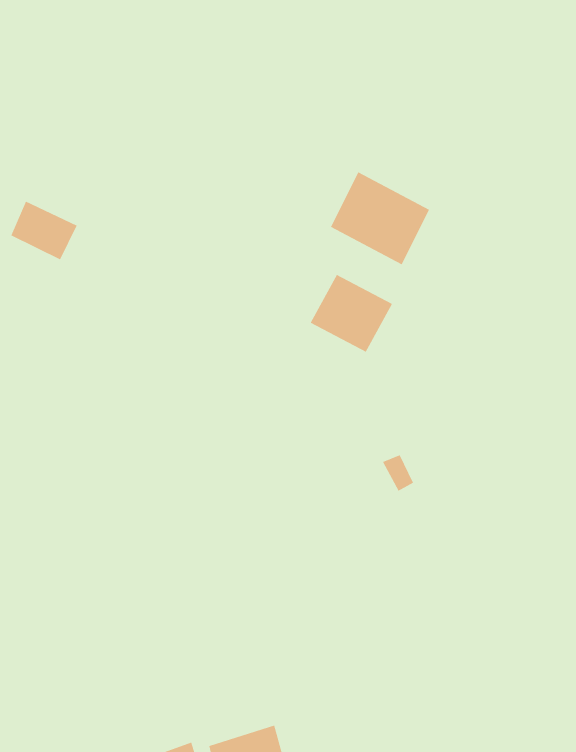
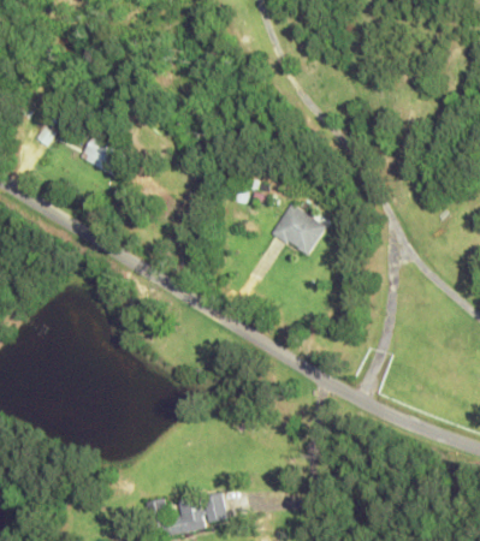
building: [330,172,430,265] -> none

